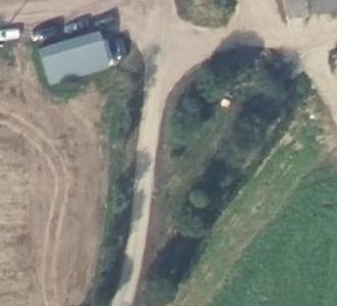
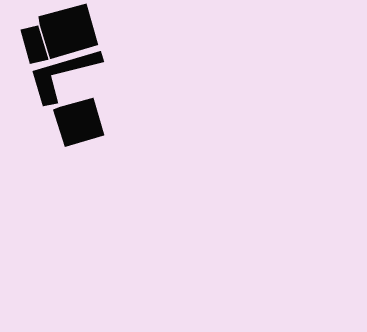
building: none -> [52,97,105,148]

